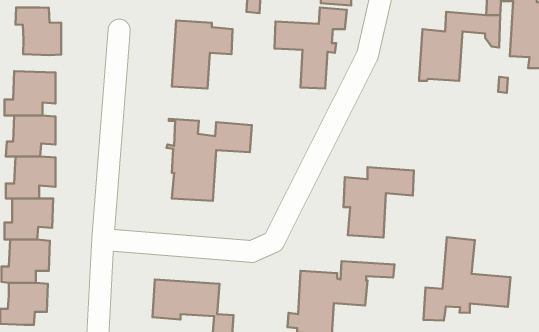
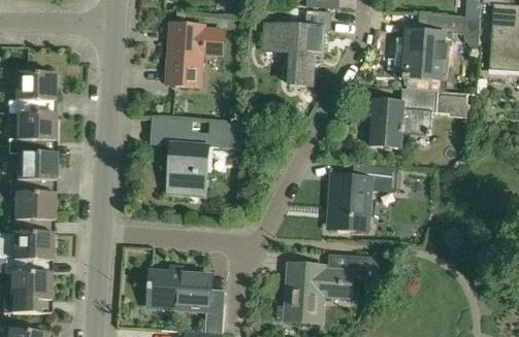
building: [16,7,61,55] -> none
building: none -> [369,90,469,147]
building: [424,237,511,320] -> none

